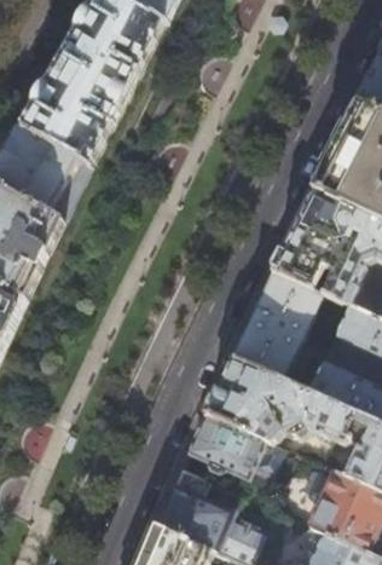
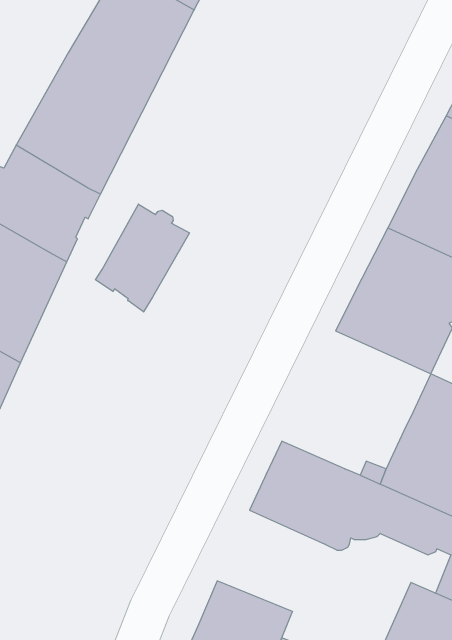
building: none -> [95,204,189,312]
building: [228,273,319,382] -> none
building: [186,415,262,478] -> none

